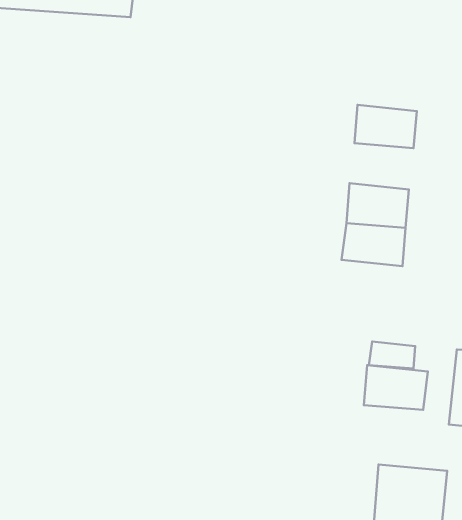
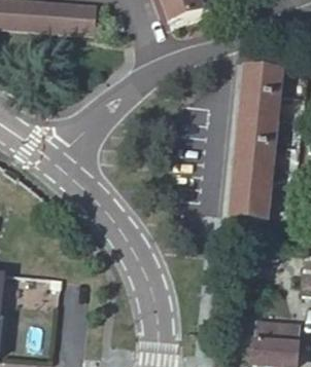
building: none -> [242,64,283,94]
building: none -> [237,114,278,144]
building: [364,365,428,410] -> [230,189,271,218]

